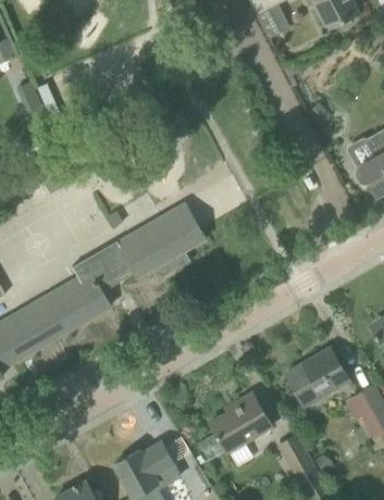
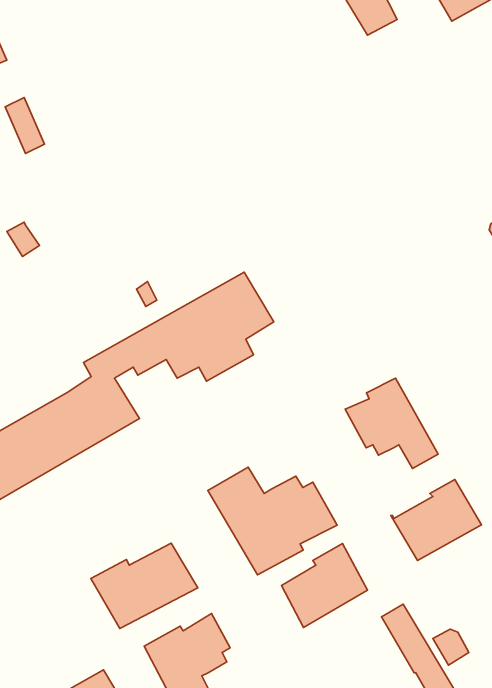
building: none -> [345,378,438,468]
building: none -> [208,467,337,575]
building: none -> [91,543,198,629]

